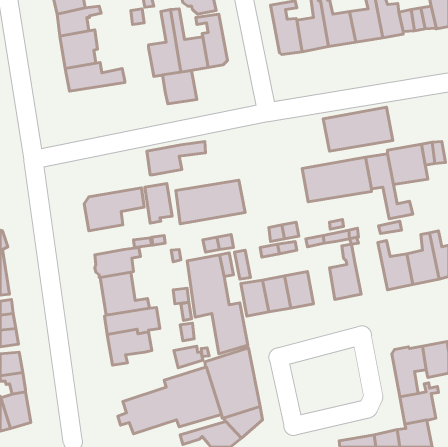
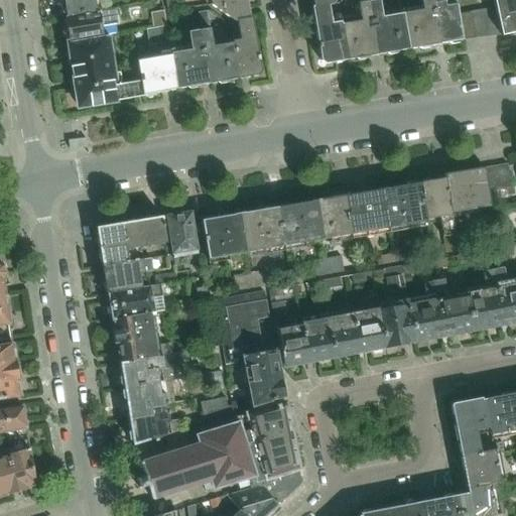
building: [162,71,197,104] -> [138,54,177,93]
building: [323,107,393,151] -> [275,194,355,244]
building: [147,141,206,175] -> [103,254,170,292]
building: none -> [408,278,445,338]
building: none -> [354,307,385,349]
building: none -> [130,404,178,444]

